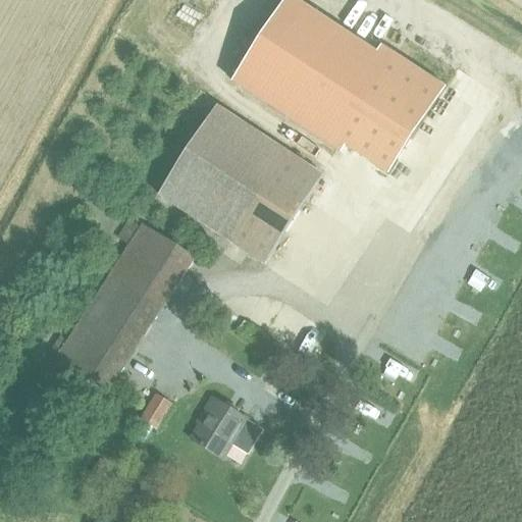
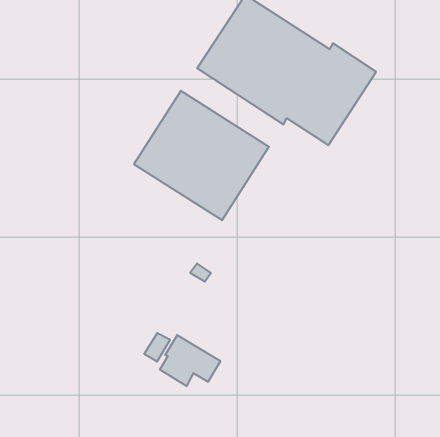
building: [49,216,193,388] -> none
building: [139,392,169,425] -> [144,333,170,362]

